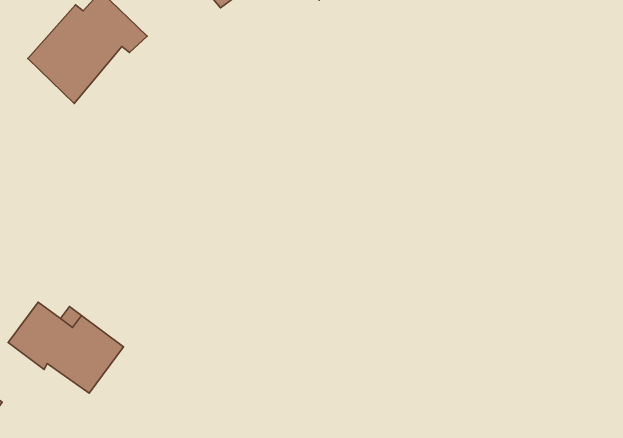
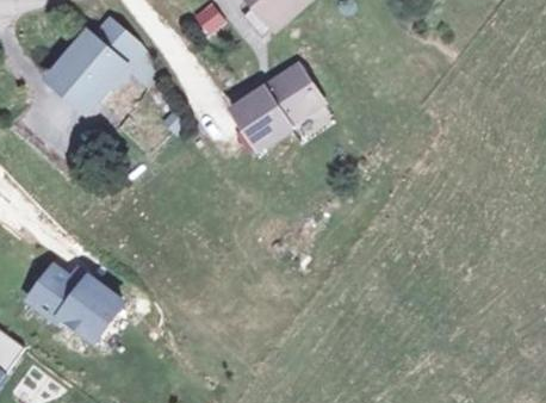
building: none -> [238,62,327,147]

